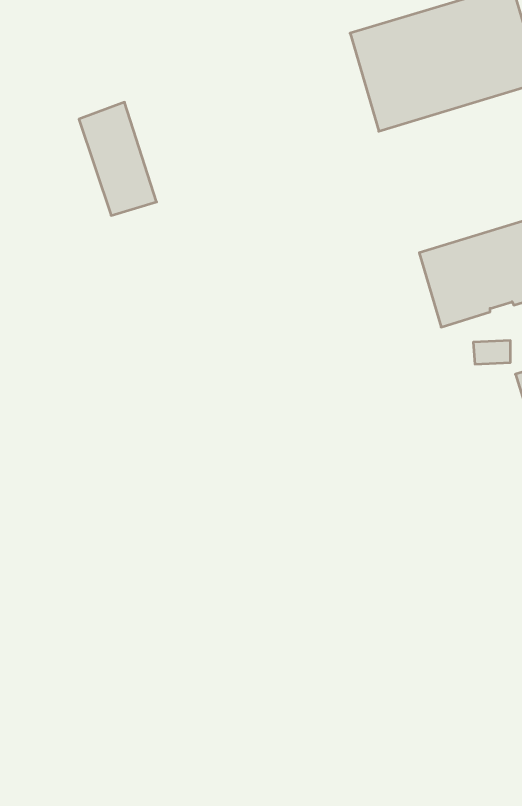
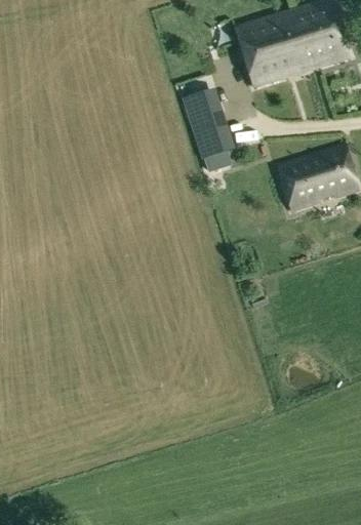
building: [79,102,157,215] -> [185,91,232,160]

